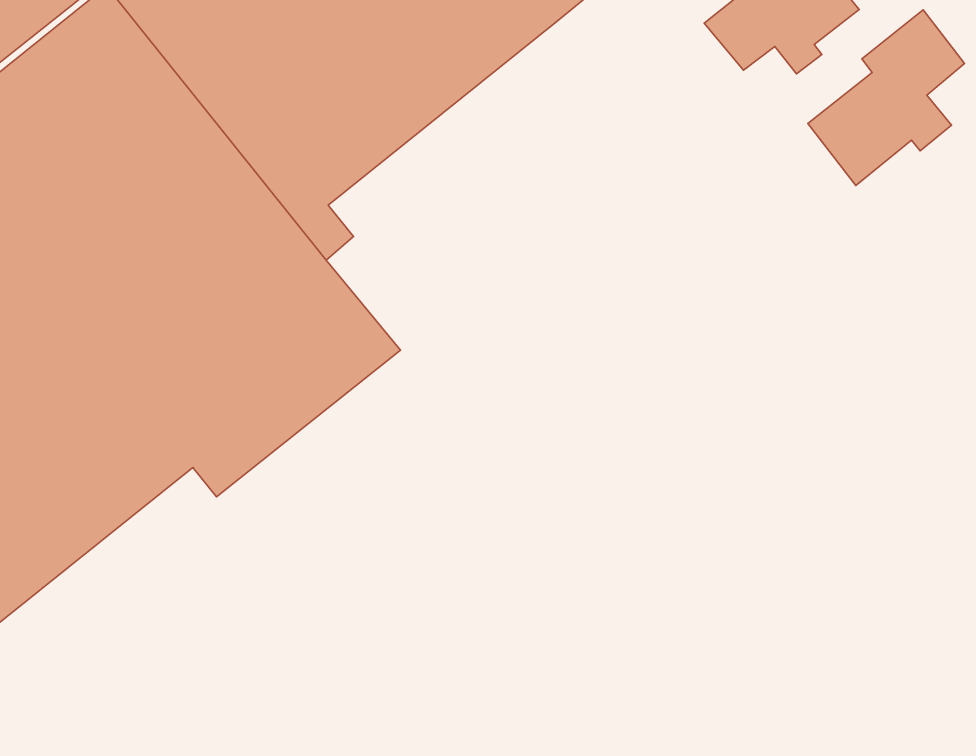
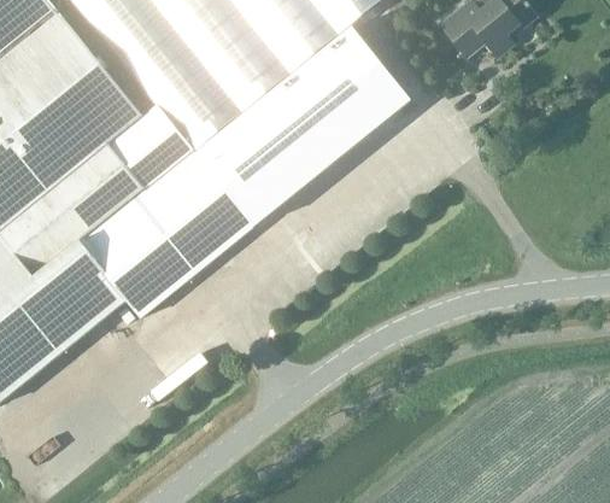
building: [808,10,964,185] -> none
building: none -> [209,22,413,227]

